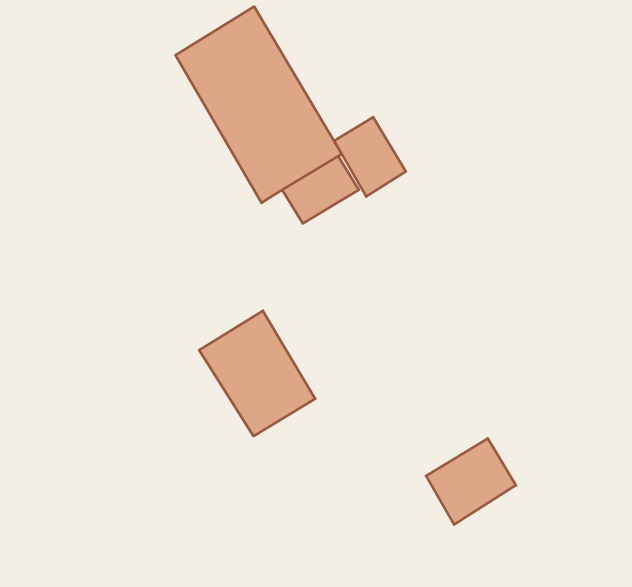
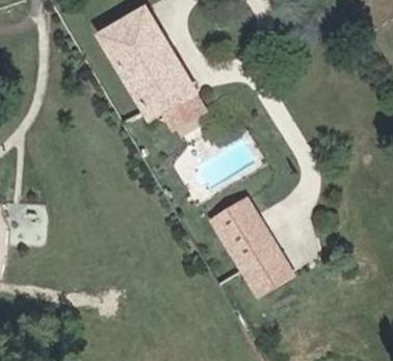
building: [334,117,406,197] -> none
building: [199,311,315,436] -> [211,198,276,267]

